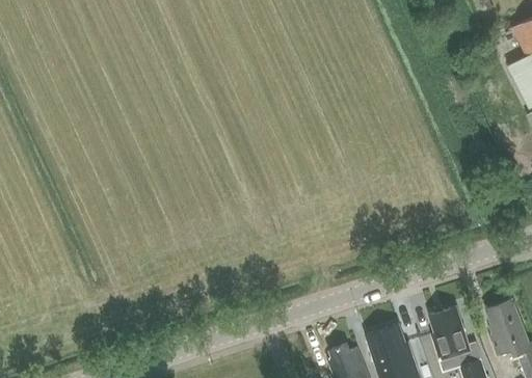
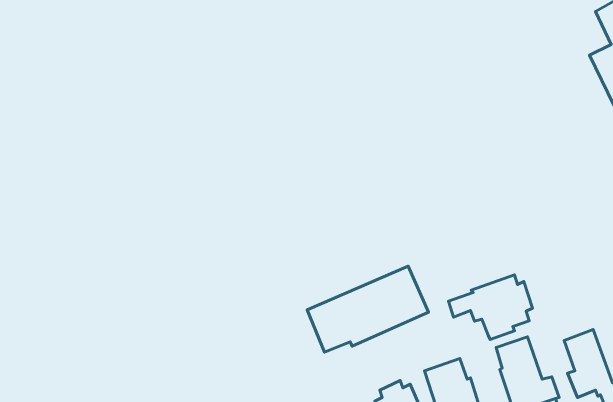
building: none -> [307,266,428,352]
building: none -> [449,275,533,340]

